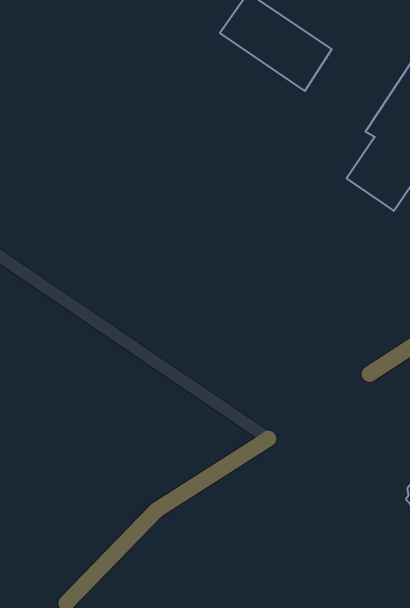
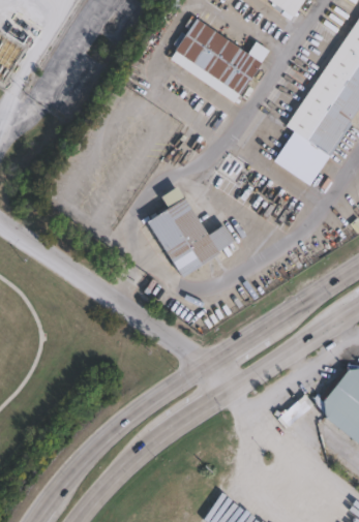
building: none -> [148,187,234,277]

